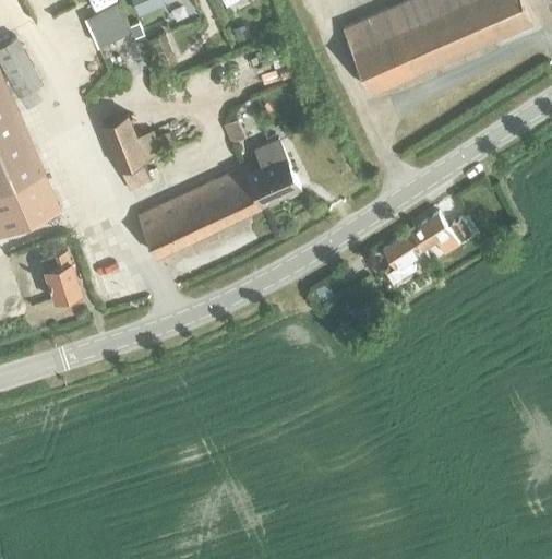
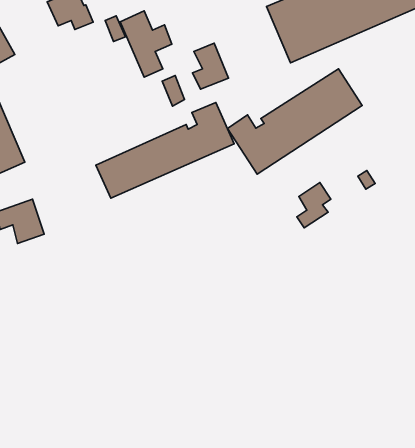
building: none -> [193,43,229,89]
building: none -> [227,69,362,174]
building: [103,112,164,191] -> [120,11,172,77]
building: [406,217,456,255] -> none

